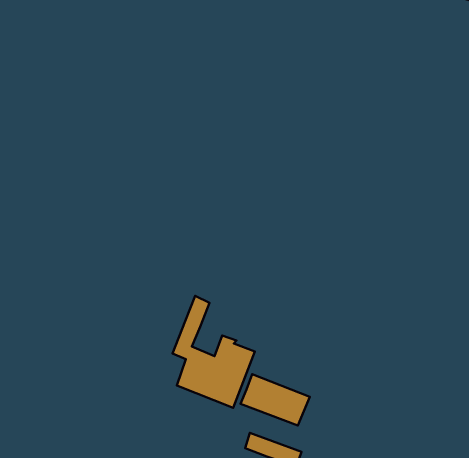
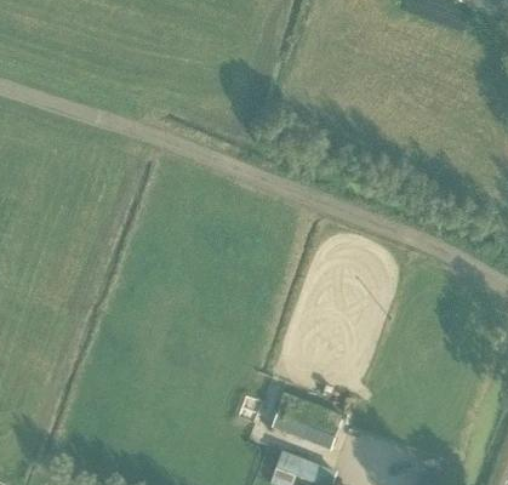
building: [172,296,255,408] -> none

